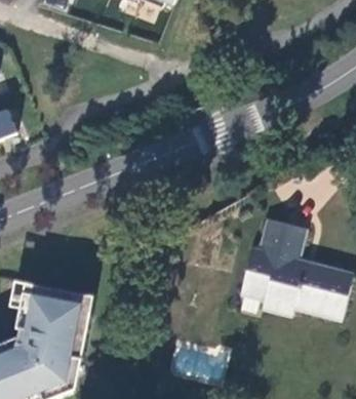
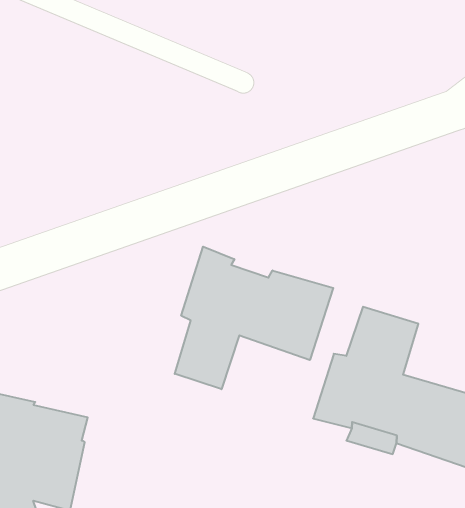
building: none -> [175,247,333,389]

